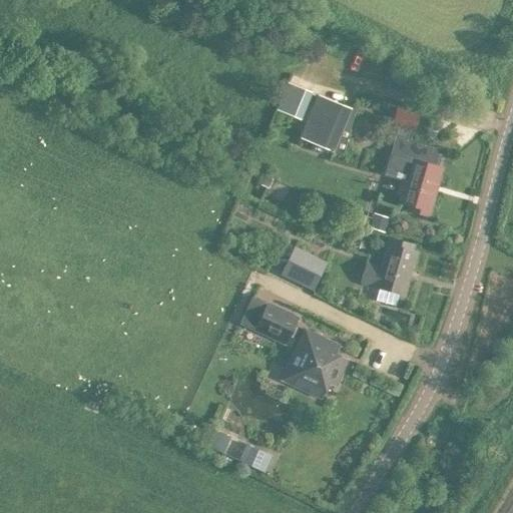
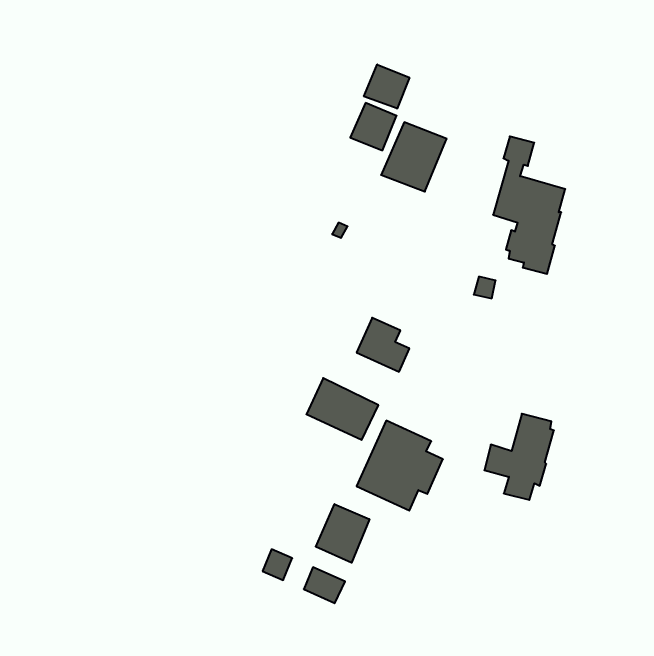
building: none -> [364,64,409,109]
building: [361,237,415,305] -> [484,414,554,500]
building: none -> [316,504,369,563]

